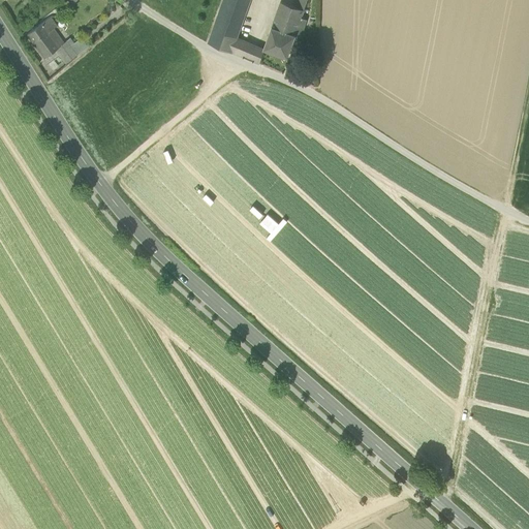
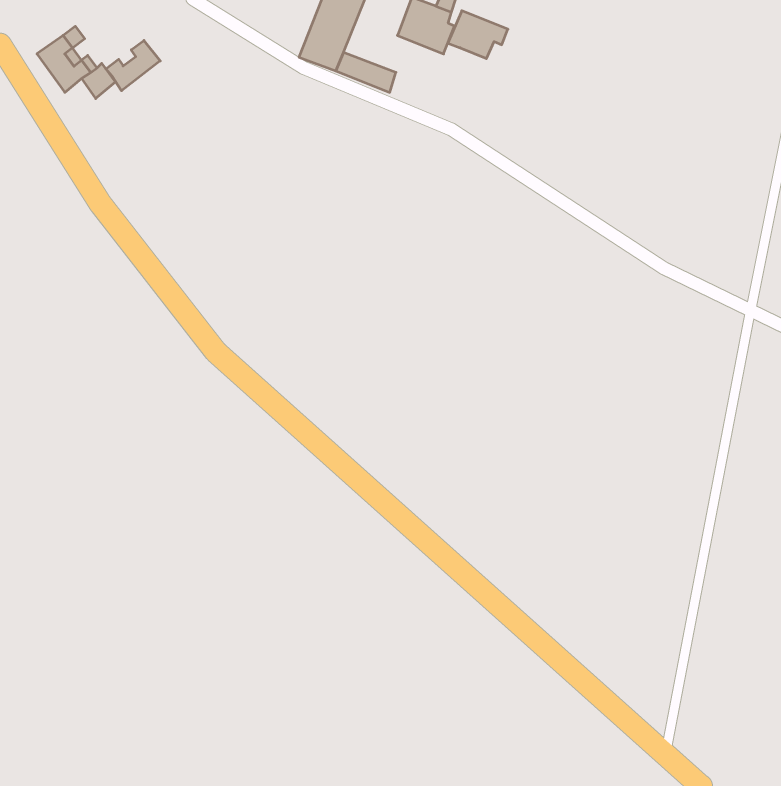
building: [261,24,302,56] -> [448,11,508,59]
building: none -> [106,40,160,91]

